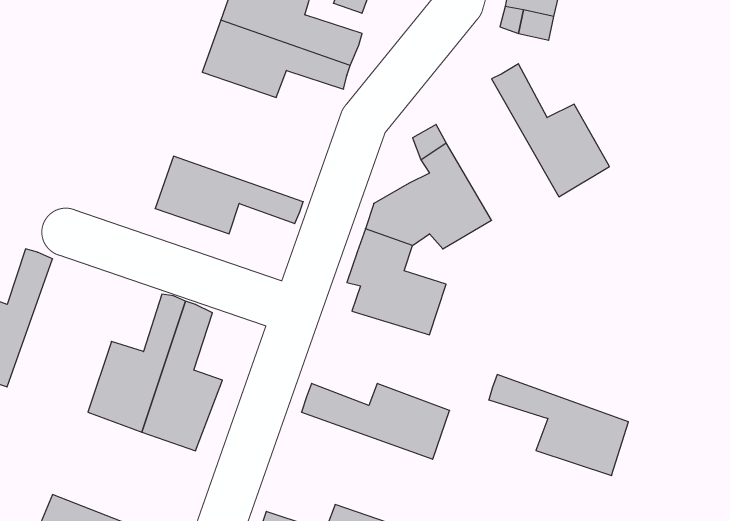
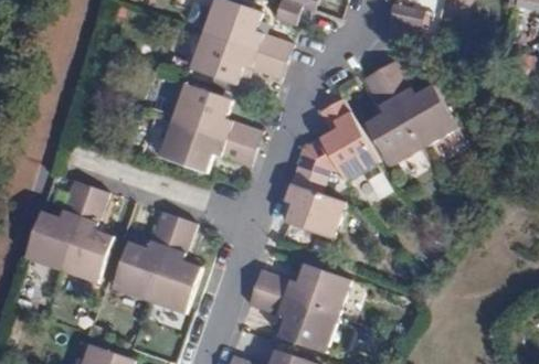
building: none -> [364,69,423,165]
building: none -> [170,81,262,150]
building: none -> [61,188,115,286]
building: [489,375,628,476] -> [249,288,340,354]

